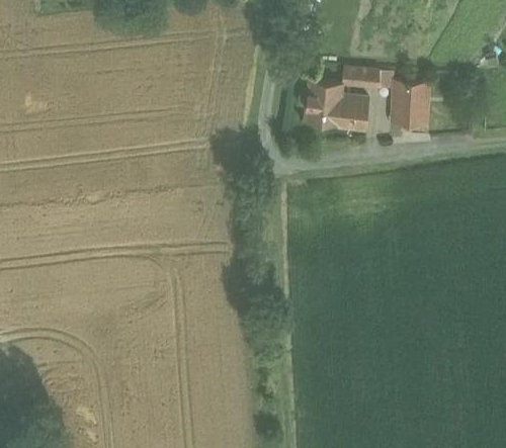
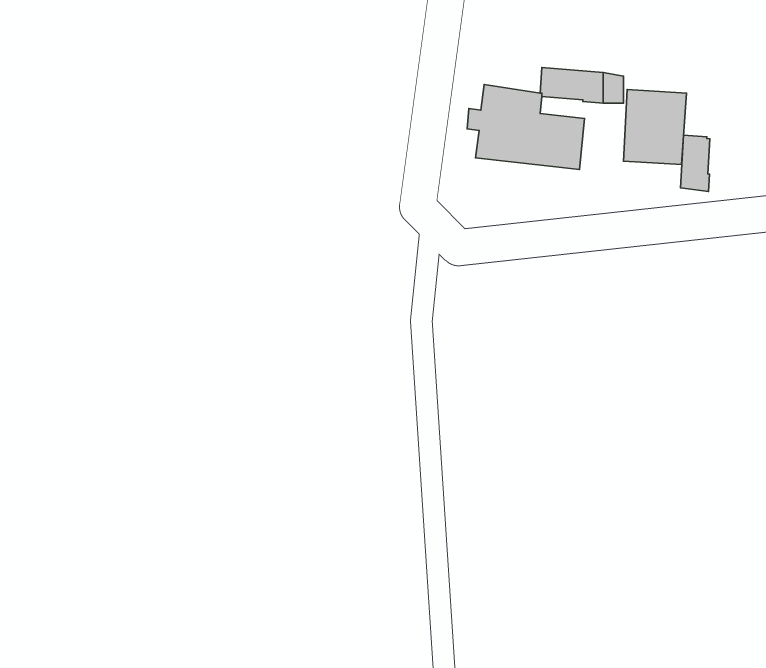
building: none -> [681,135,710,192]

